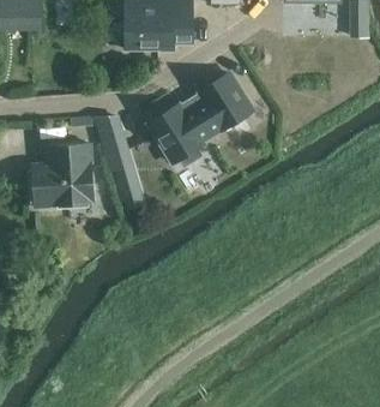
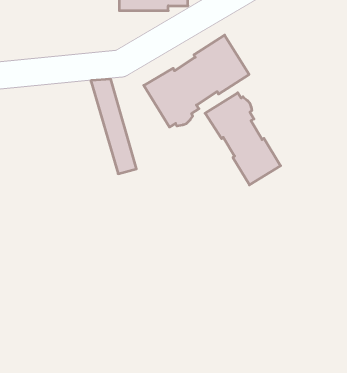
building: none -> [205,93,281,185]
building: [31,144,94,208] -> none

